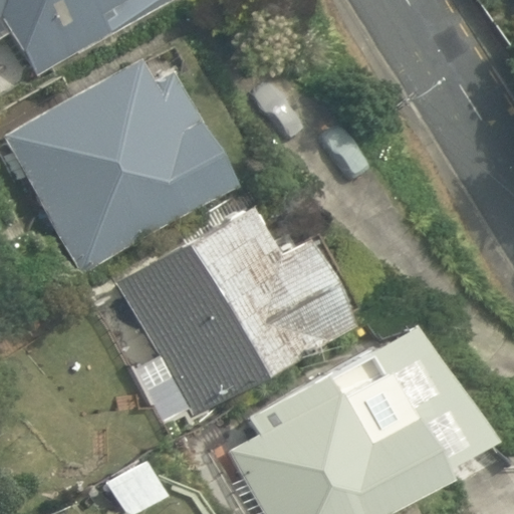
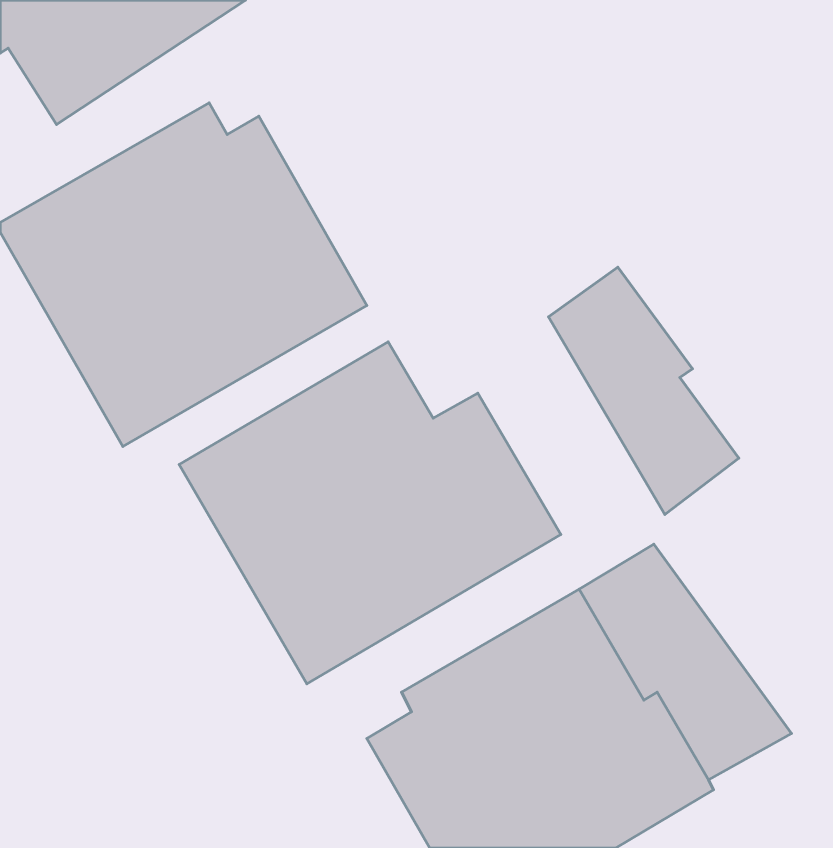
building: none -> [548,267,739,515]

